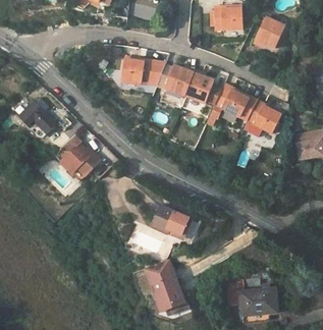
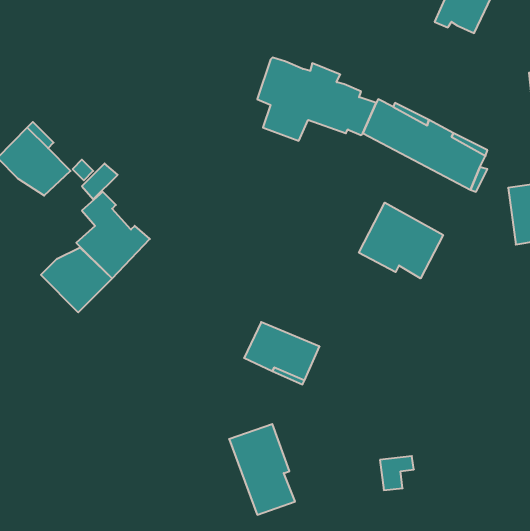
building: [122,59,165,86] -> none
building: none -> [359,203,443,278]
building: none -> [41,248,112,312]
building: [238,287,276,314] -> none

